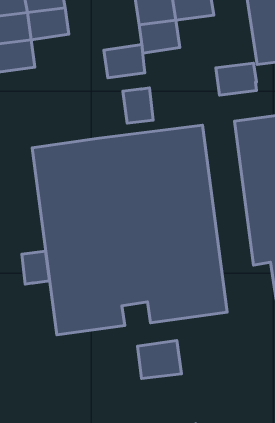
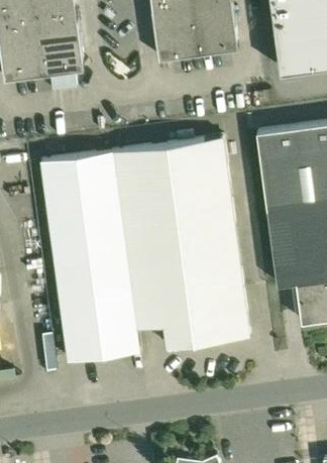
building: [104,45,145,78] -> [40,40,84,76]
building: [216,63,256,95] -> [195,20,238,54]
building: [123,88,153,123] -> none
building: [22,251,50,284] -> none
building: [137,340,181,379] -> none

